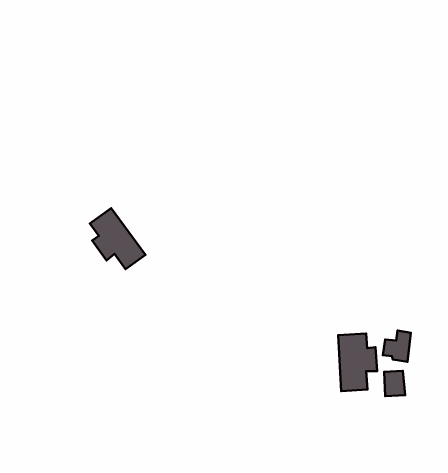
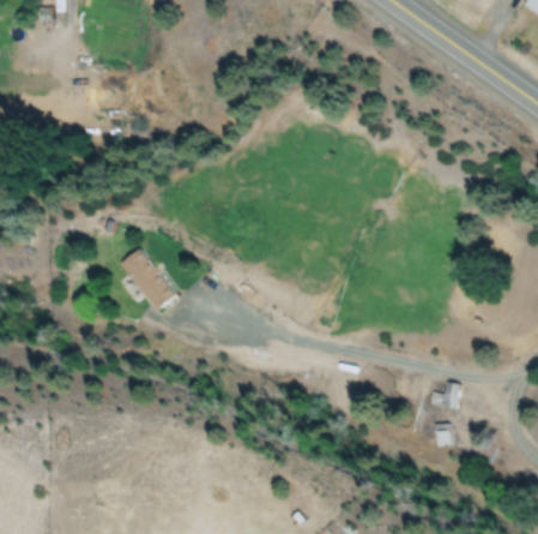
building: [338,334,377,391] -> none

